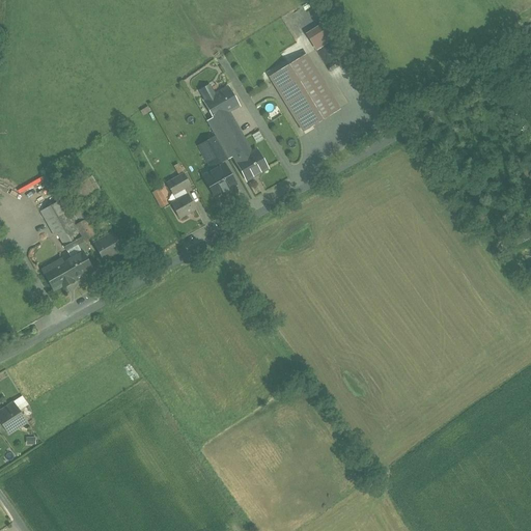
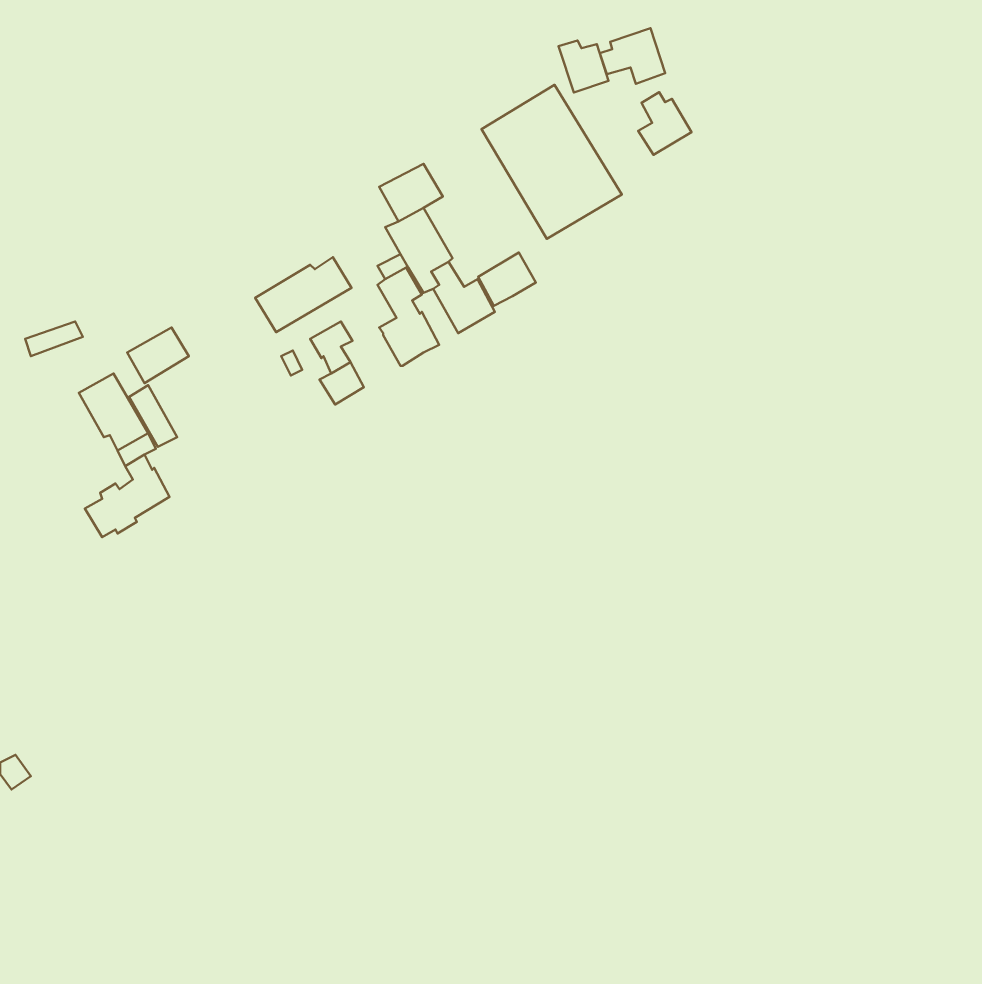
building: none -> [600,28,665,84]
building: none -> [638,92,692,155]
building: none -> [478,252,536,306]
building: none -> [255,257,351,332]
building: [95,233,123,260] -> none

